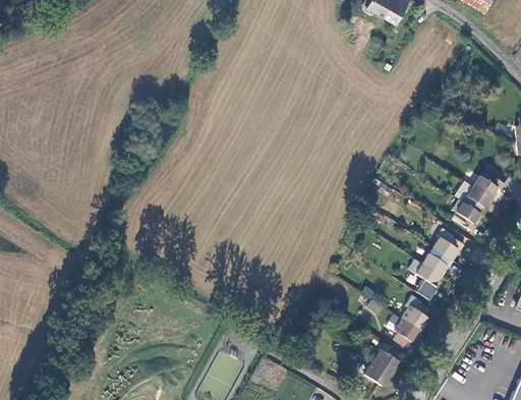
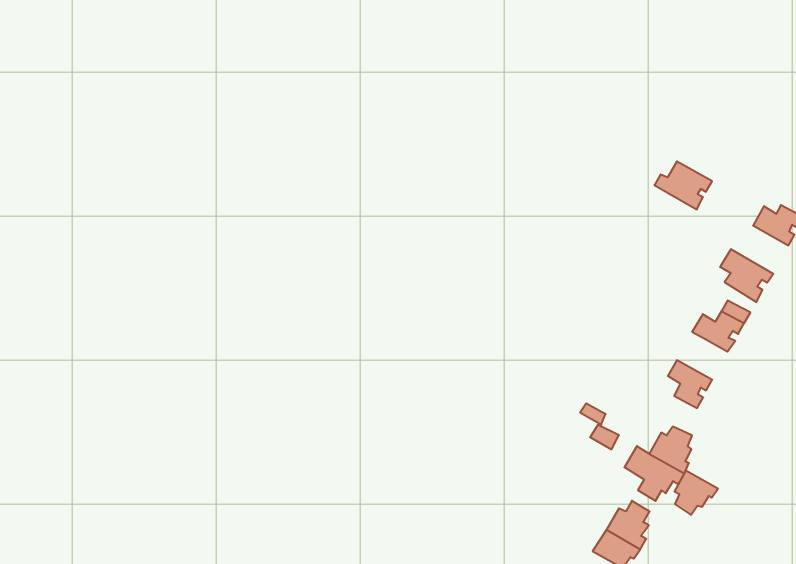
building: [458,186,493,216] -> [654,161,712,209]
building: [421,252,452,277] -> none
building: none -> [675,471,718,515]

